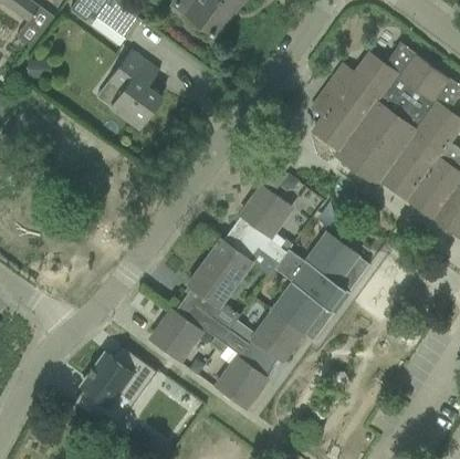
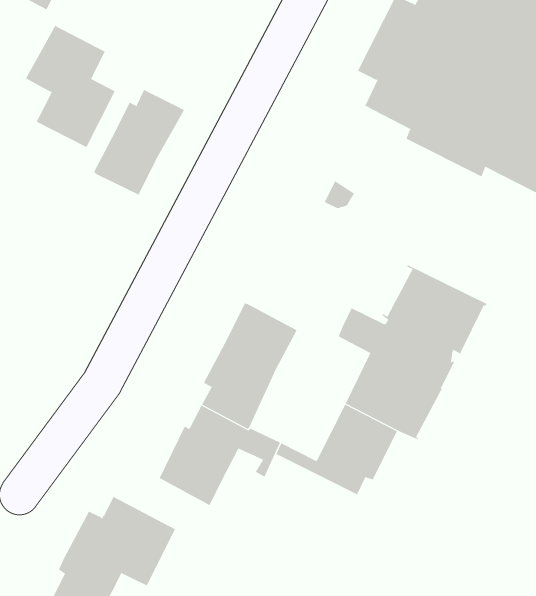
building: none -> [93,89,185,195]
building: [222,185,294,274] -> none
building: [216,335,271,408] -> none

